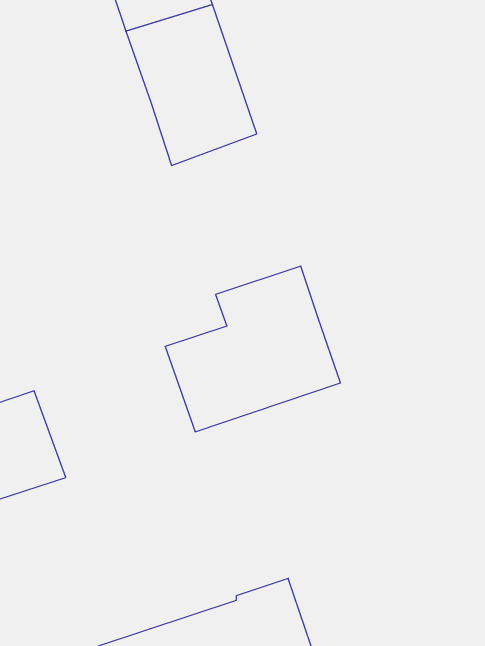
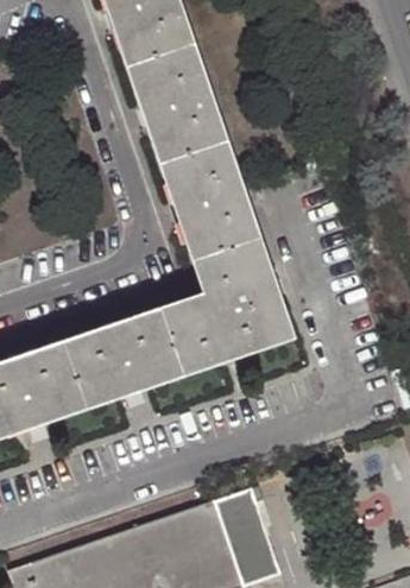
building: none -> [165,150,263,271]
building: none -> [62,310,183,409]

